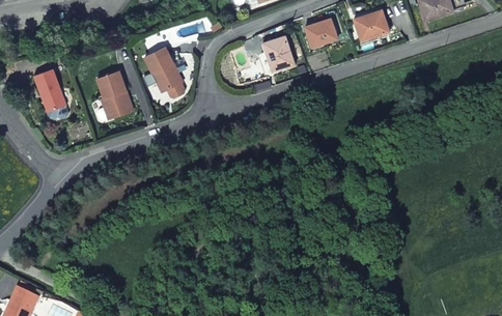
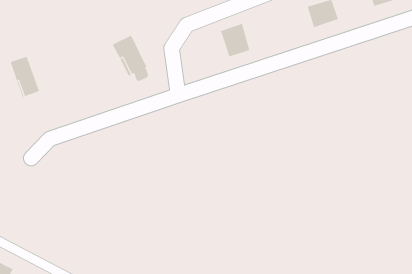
building: [304,18,335,47] -> none
building: [97,71,134,121] -> none

